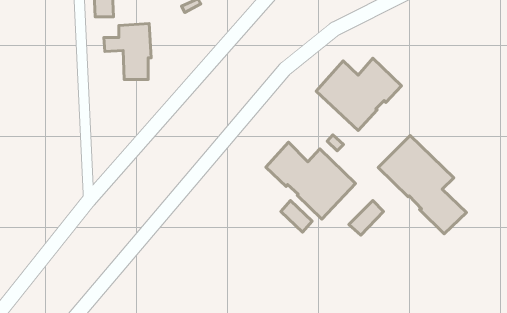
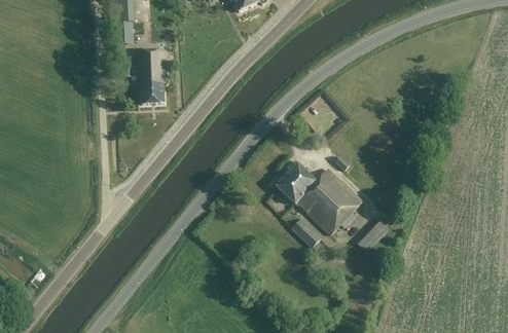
building: [316,58,401,131] -> none
building: [378,135,466,234] -> none

